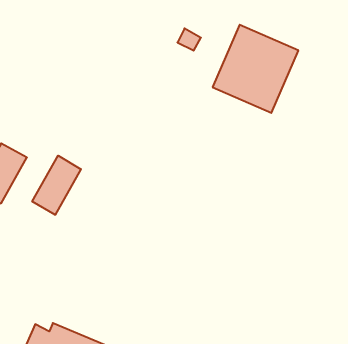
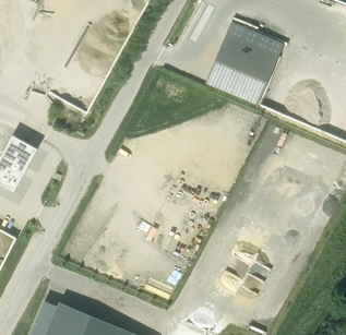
building: [32,156,81,215] -> none

